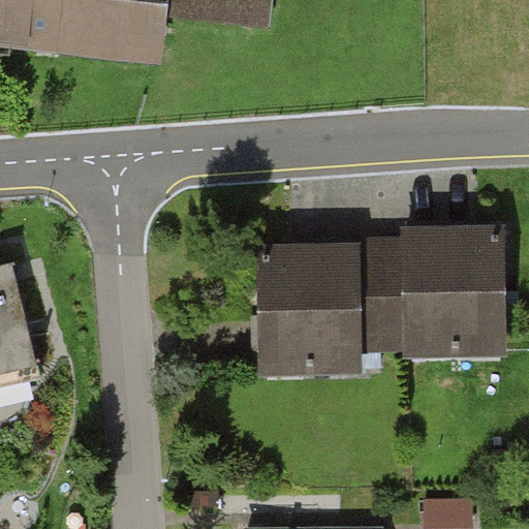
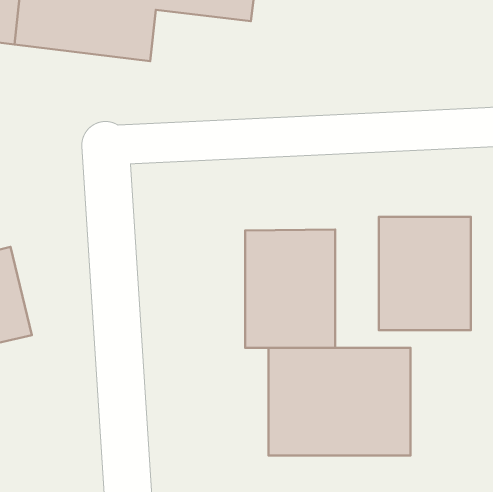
building: [357,252,404,347] -> none
building: none -> [268,348,410,455]

